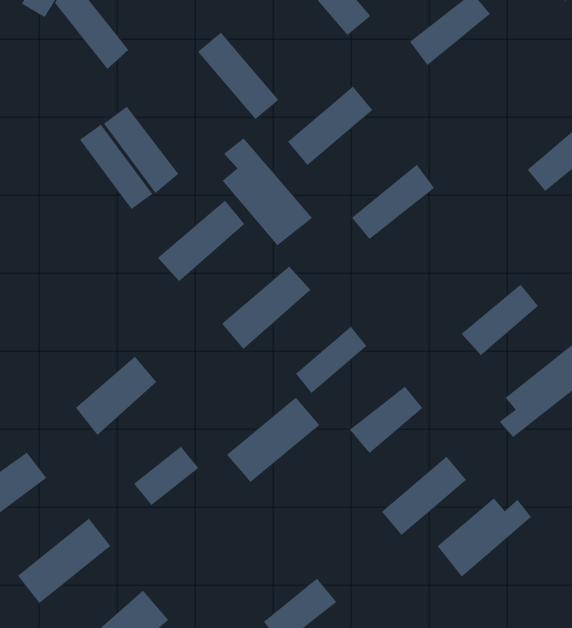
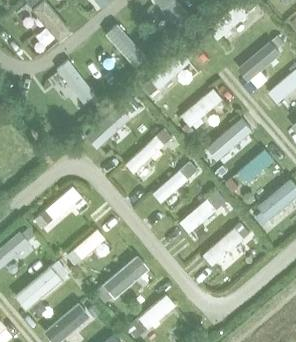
building: none -> [237,43,280,81]
building: [222,138,313,246] -> none
building: none -> [206,119,253,163]
building: [226,397,320,483] -> [100,256,147,299]
building: [437,497,532,577] -> none

